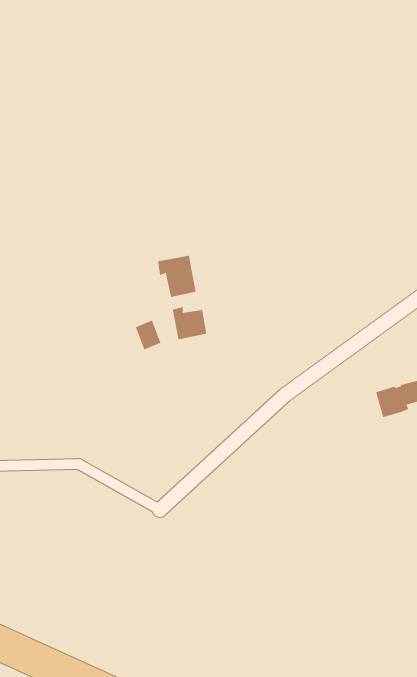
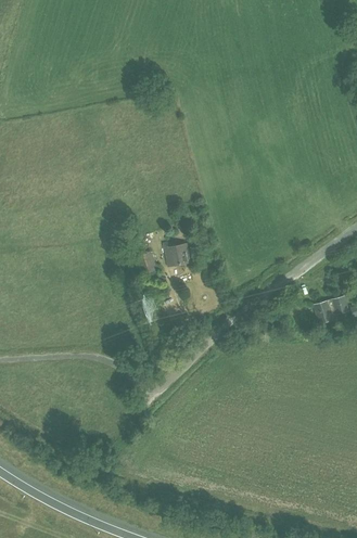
building: [157,255,196,298] -> none

